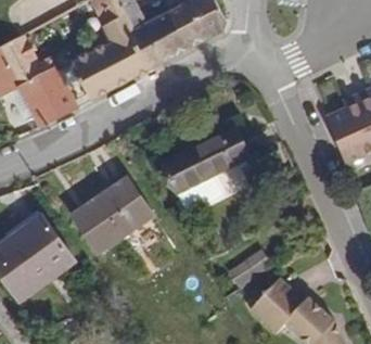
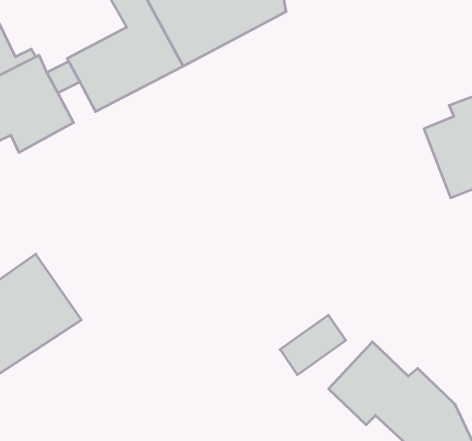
building: [166,128,253,205] -> none
building: [69,161,156,240] -> none

